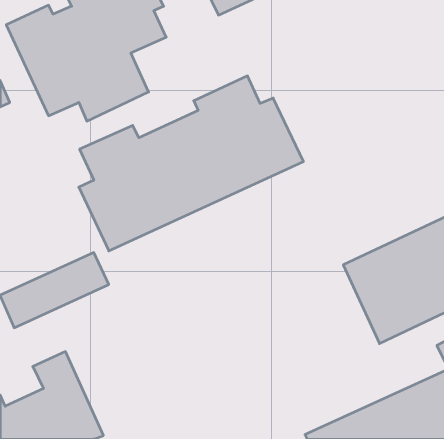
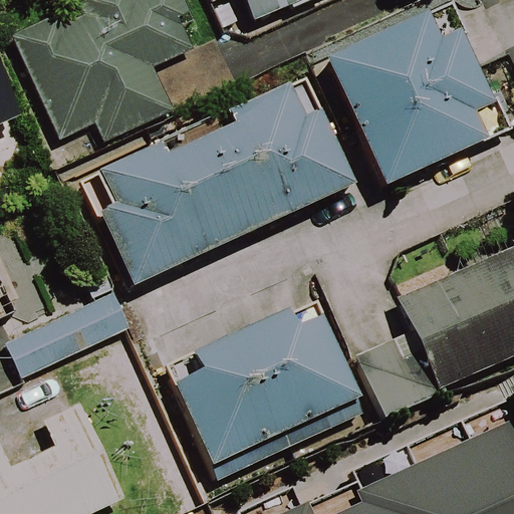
building: none -> [325,12,496,187]
building: none -> [175,309,361,465]

